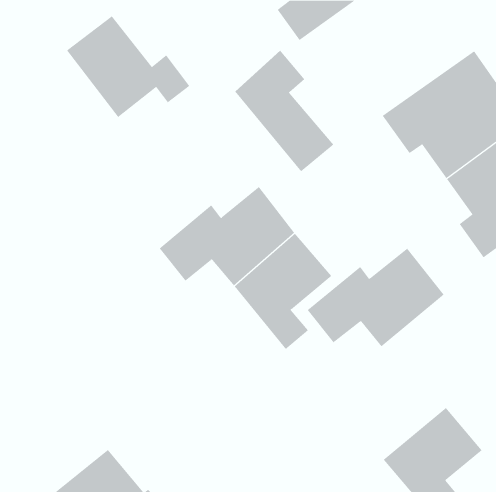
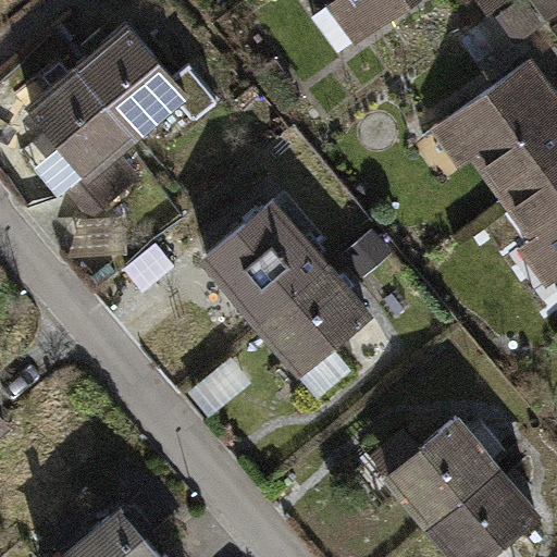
building: [235,50,334,172] -> none
building: none -> [25,63,134,199]
building: [307,248,444,347] -> [347,409,500,520]

